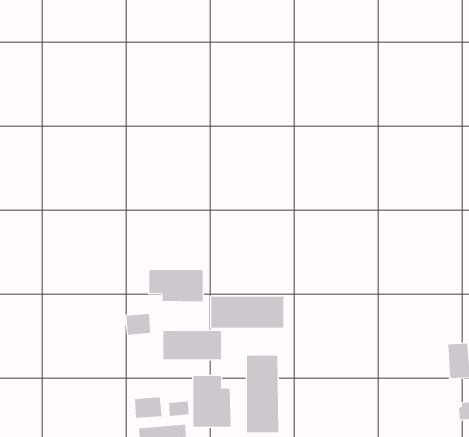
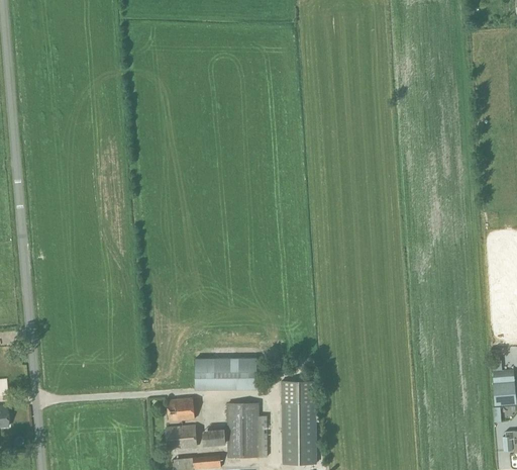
building: [149,269,203,302] -> none
building: [211,296,284,329] -> none
building: [125,314,151,335] -> [168,398,194,420]

